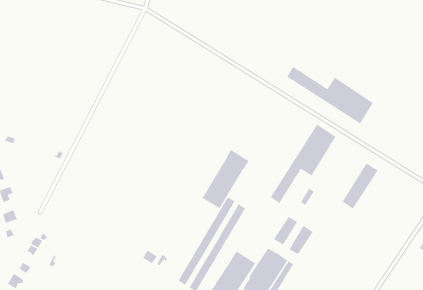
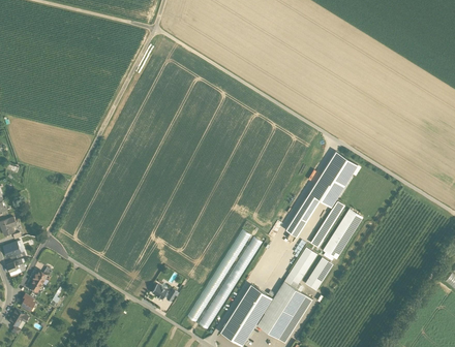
building: [286,66,374,125] -> none
building: [202,149,249,209] -> none
building: [342,162,379,210] -> [323,209,362,258]

